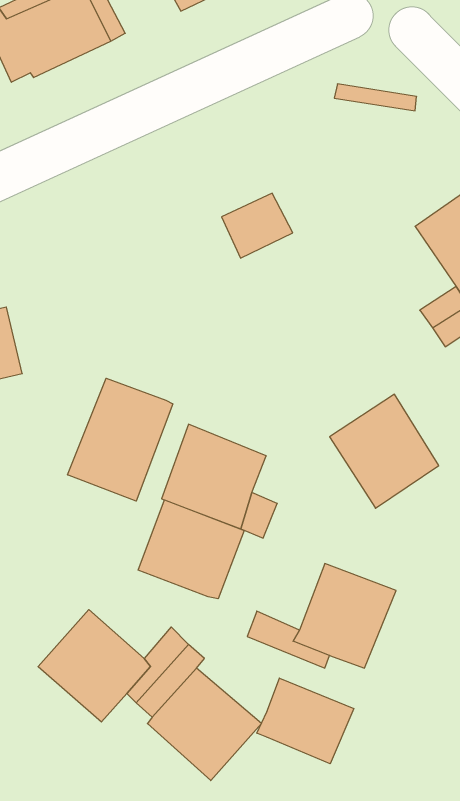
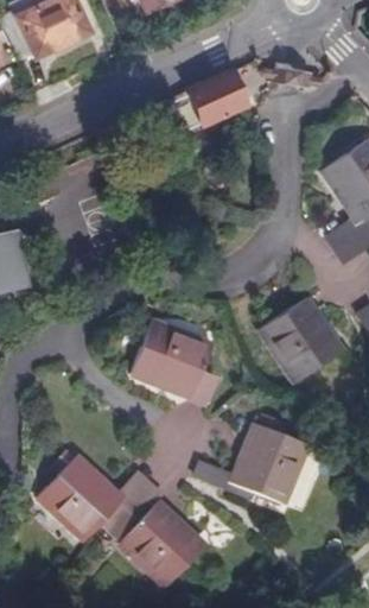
building: [222,193,293,258] -> [190,71,243,120]
building: [68,378,173,501] -> none
building: [138,500,244,599] -> none
building: [257,678,354,764] -> none

